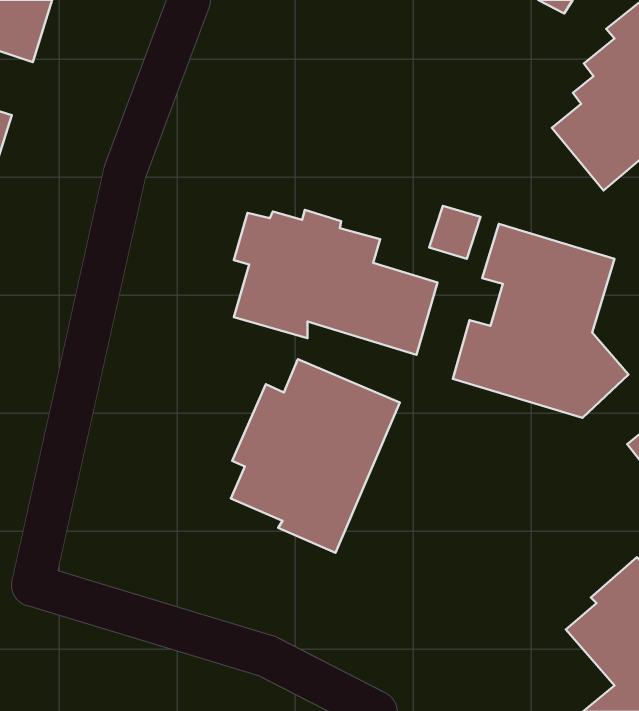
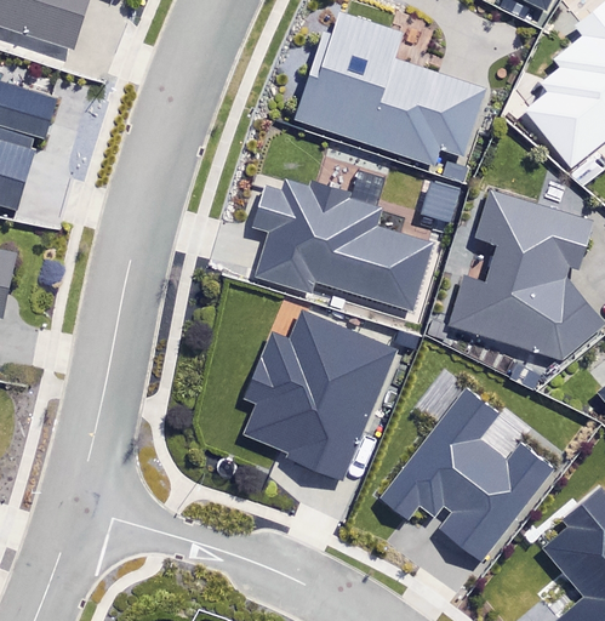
building: none -> [296,13,491,163]
building: none -> [381,386,563,565]

